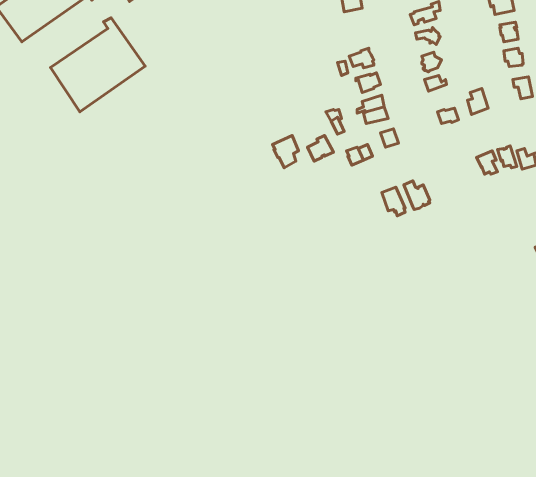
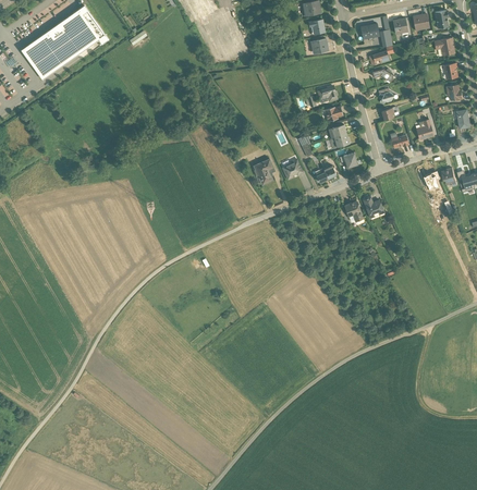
building: [50,18,145,112] -> none

